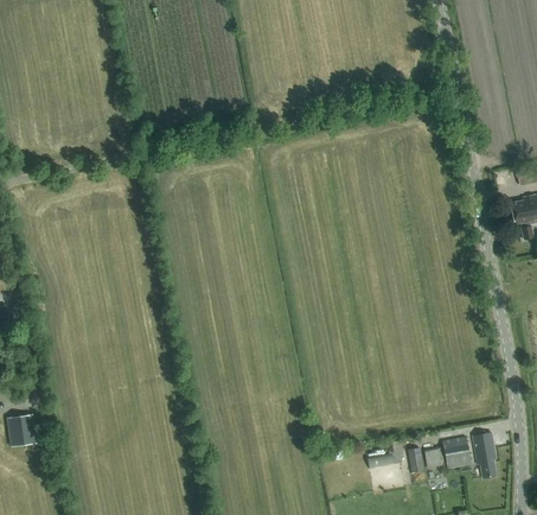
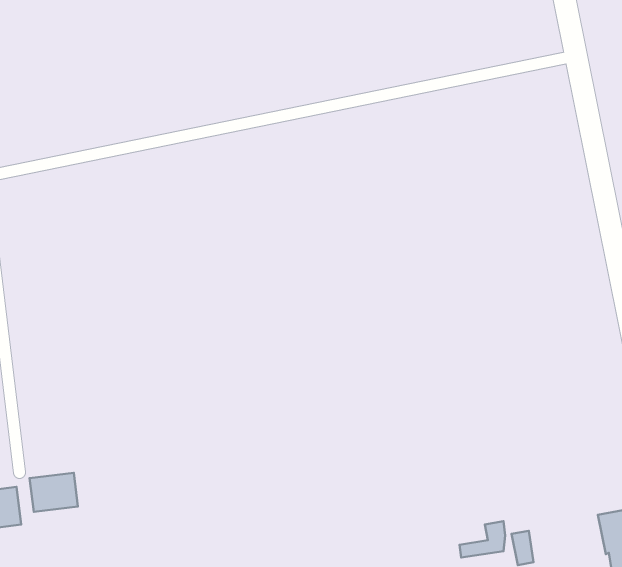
building: none -> [30,473,78,512]
building: [442,435,471,468] -> none

